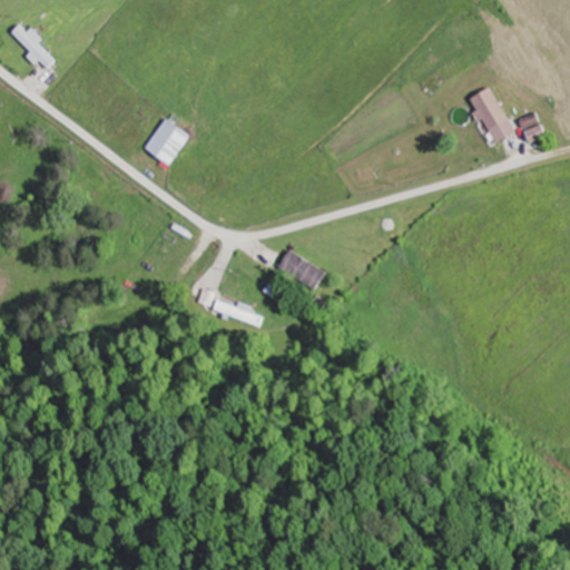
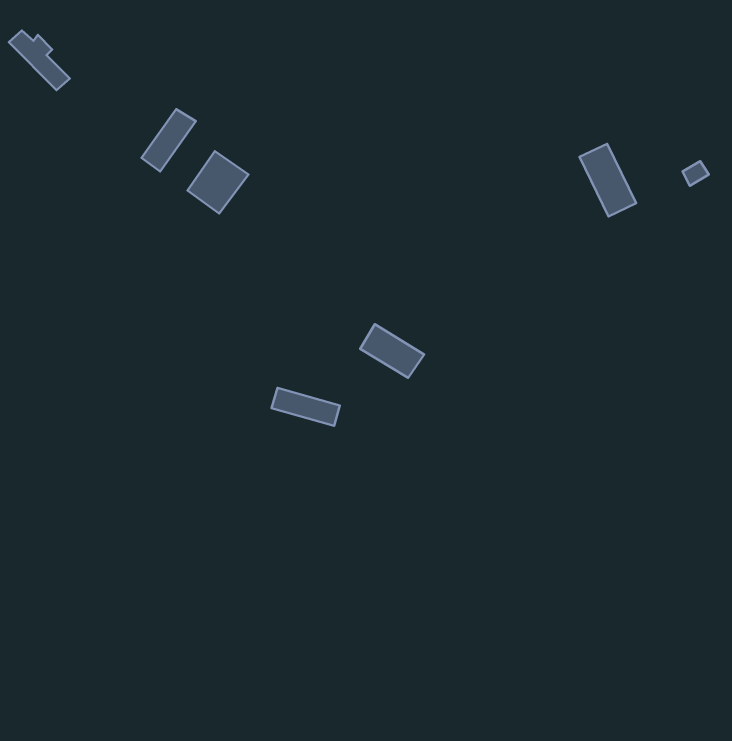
building: none -> [142,109,196,172]
building: [469,87,512,142] -> [579,144,636,216]

